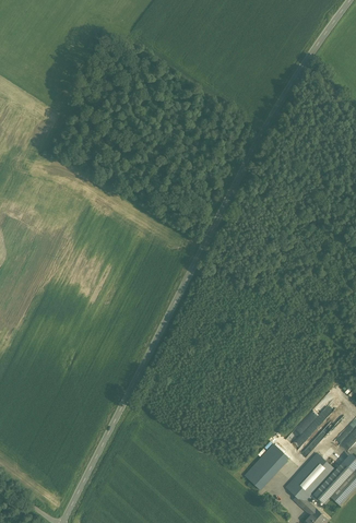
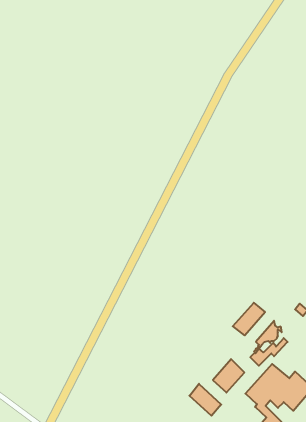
building: none -> [233,303,265,335]
building: none -> [189,384,221,416]

